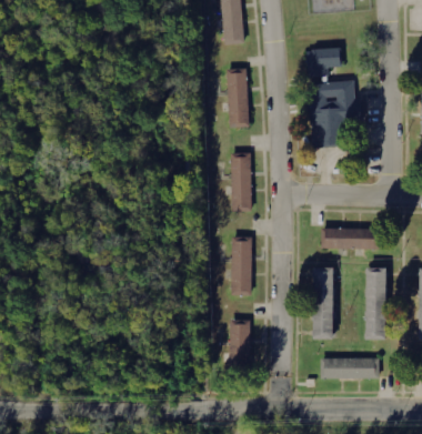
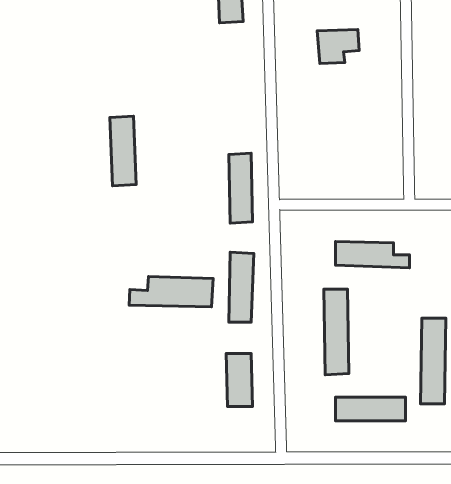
building: [227,68,249,127] -> [110,116,136,186]
building: [307,80,362,147] -> none
building: none -> [129,276,213,307]
building: [364,266,385,339] -> [421,318,446,404]

